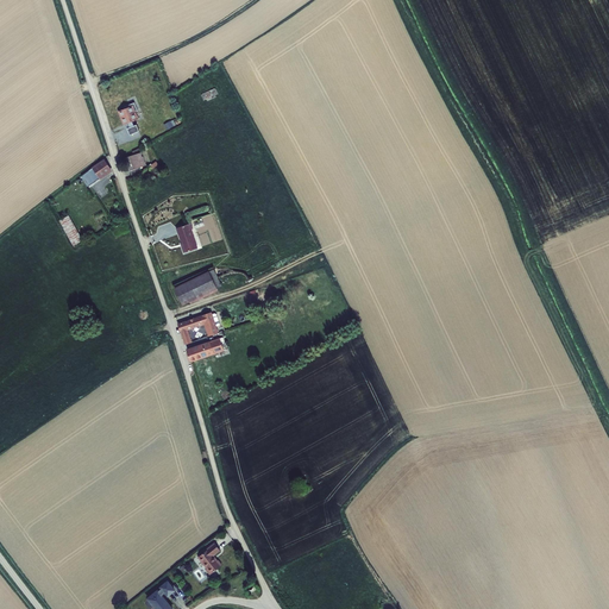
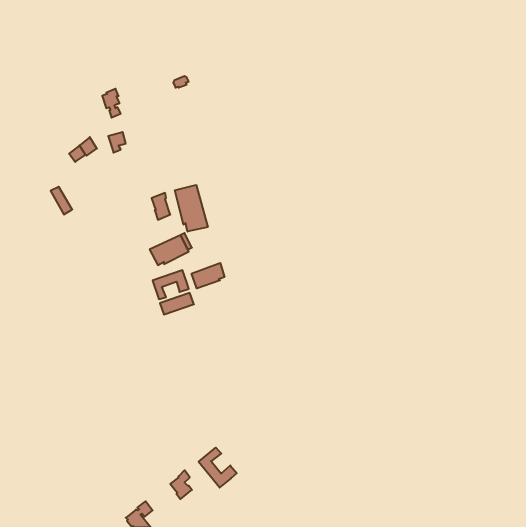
building: none -> [175,185,208,232]
building: none -> [192,263,224,288]
building: none -> [199,448,237,488]

